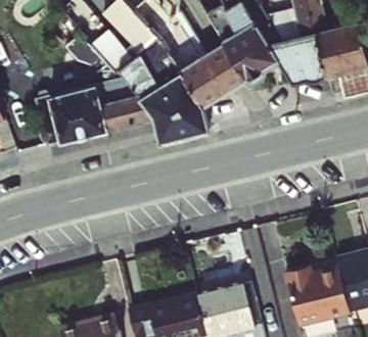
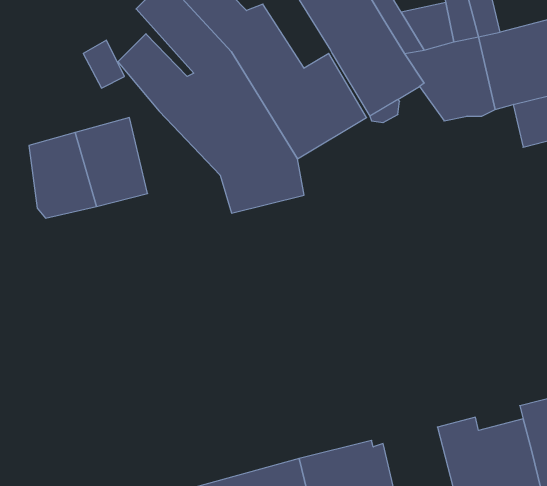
building: [95,77,151,128] -> none

